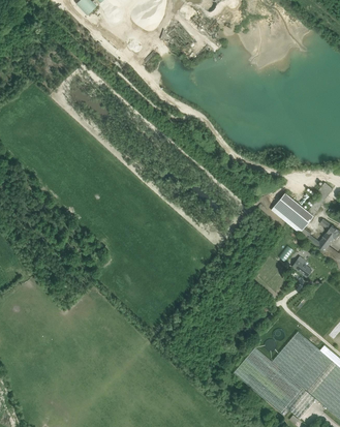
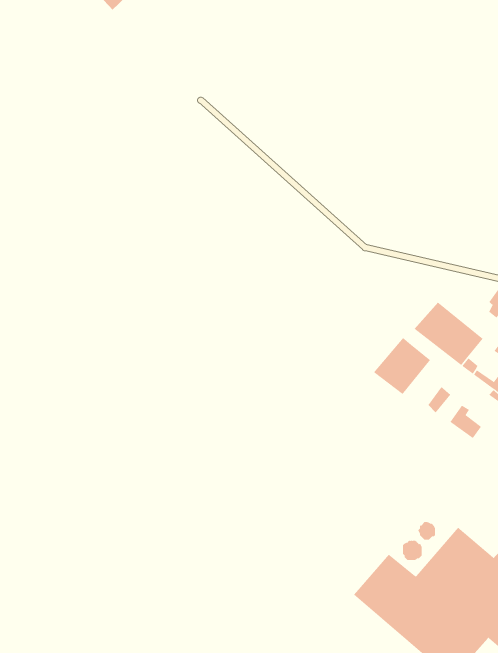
building: none -> [373,337,431,395]

